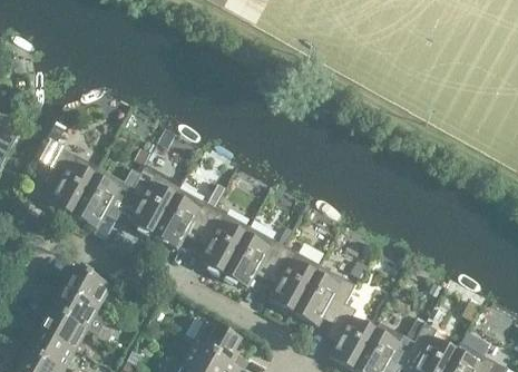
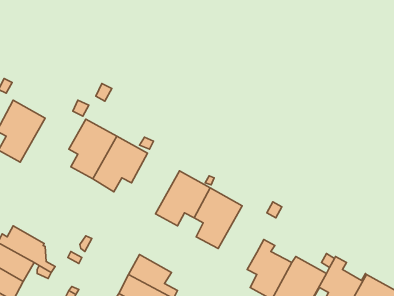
building: [71,166,145,229] -> none
building: [196,206,250,274] -> none
building: [63,263,110,307] -> none
building: [293,265,354,326] -> none

